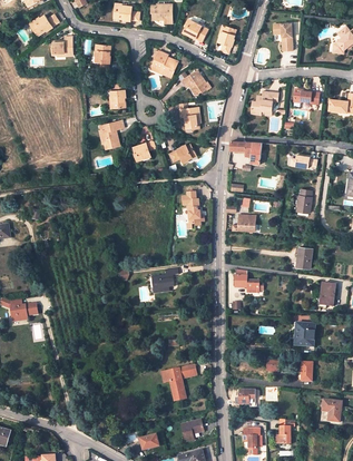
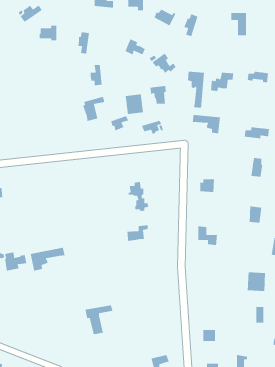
building: none -> [187,71,205,108]
building: none -> [125,93,144,115]
building: [180,192,205,227] -> [128,181,149,212]
building: none -> [30,247,65,271]
building: [164,365,197,401] -> [84,304,113,335]

